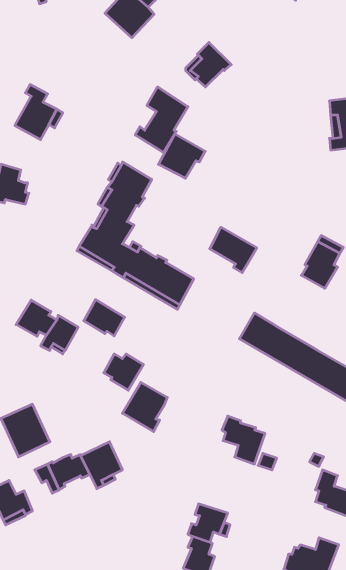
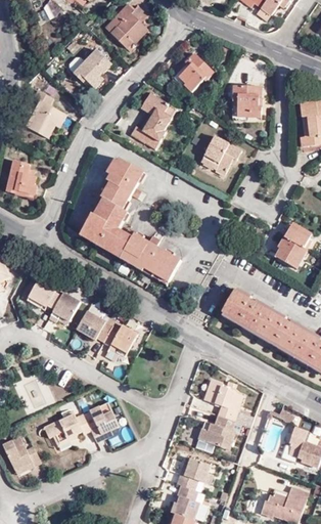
building: none -> [68,49,111,89]
building: none -> [232,86,262,117]
building: [158,134,205,178] -> [200,135,241,174]
building: [210,227,257,273] -> none
building: [84,300,125,336] -> [76,310,111,342]
building: [122,382,167,432] -> none
building: none -> [197,416,235,450]

